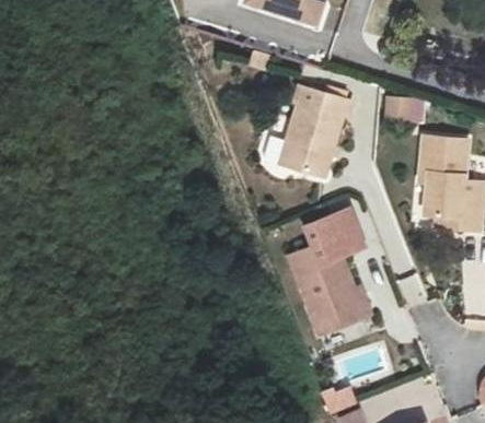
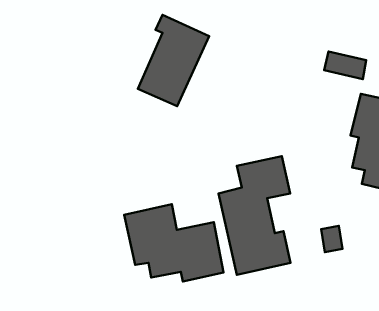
building: [281,85,348,177] -> [138,15,209,106]
building: none -> [124,204,224,281]

